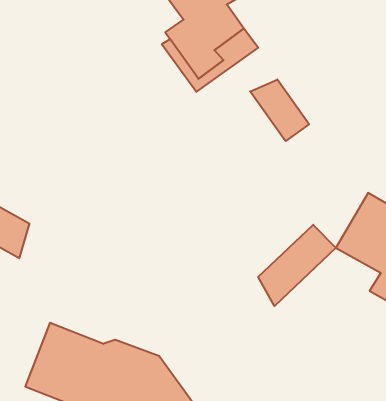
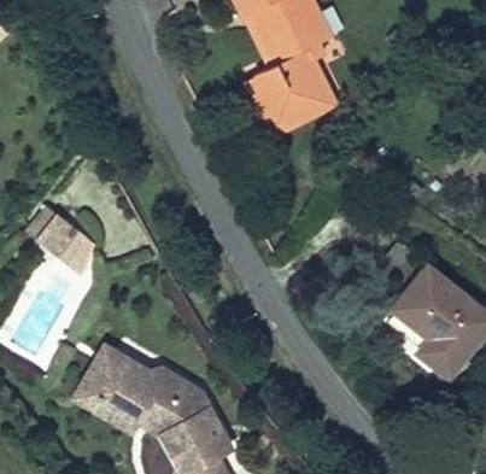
building: [250,79,309,141] -> none
building: [258,225,336,306] -> none

